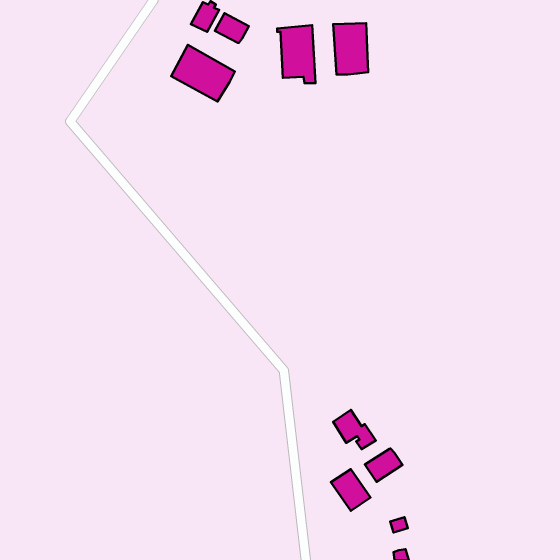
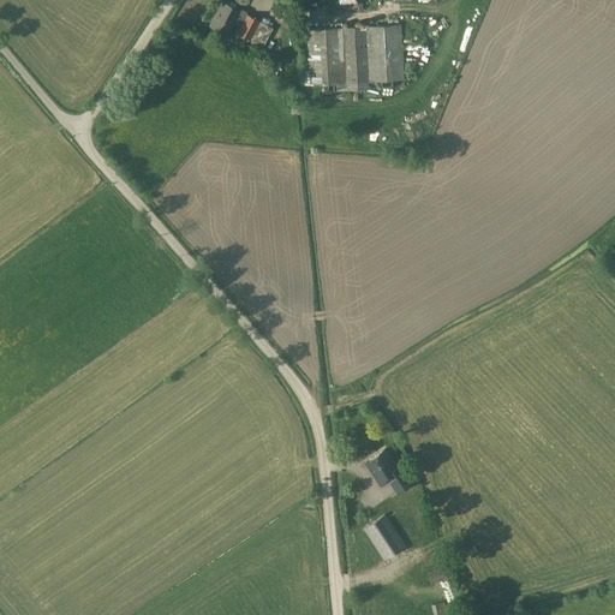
building: none -> [342,26,369,91]
building: [171,45,235,101] -> none
building: [365,449,402,482] -> none

